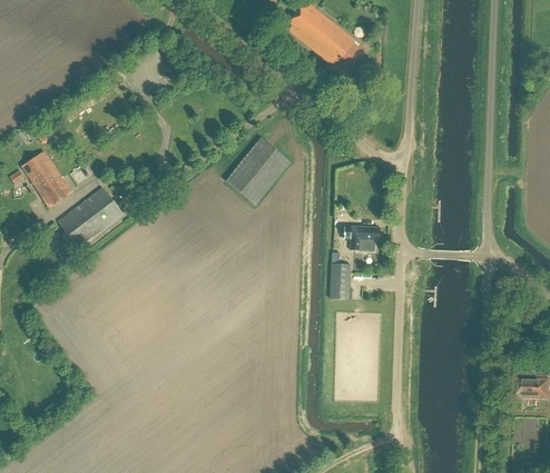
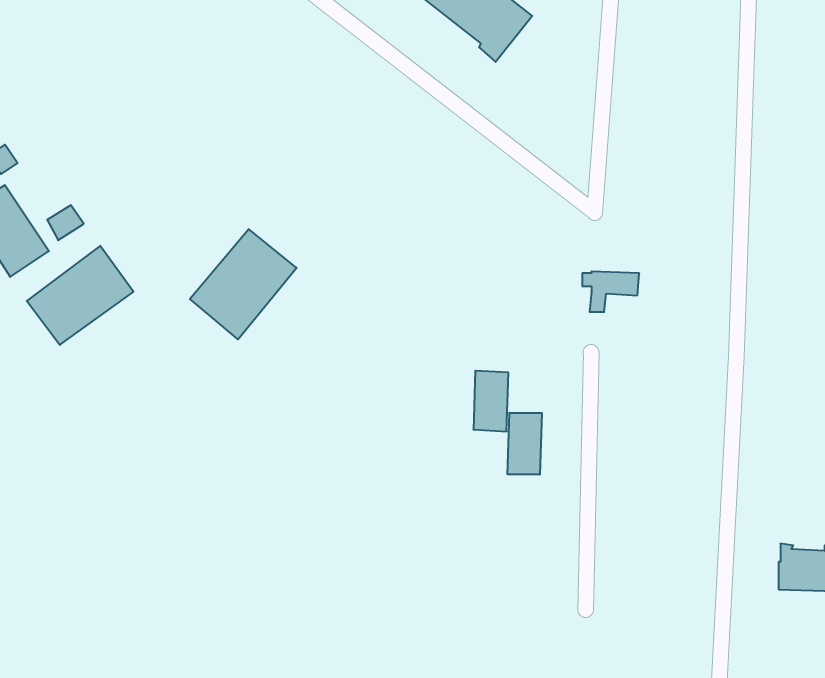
building: [225,138,289,205] -> [190,229,297,339]
building: [346,225,381,249] -> [582,271,639,312]
building: none -> [508,413,542,475]

